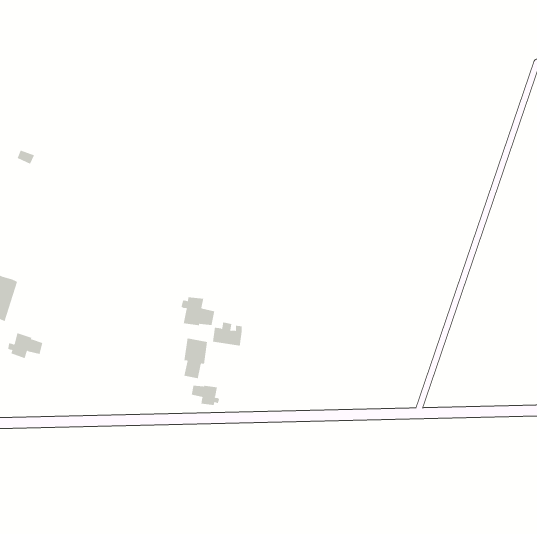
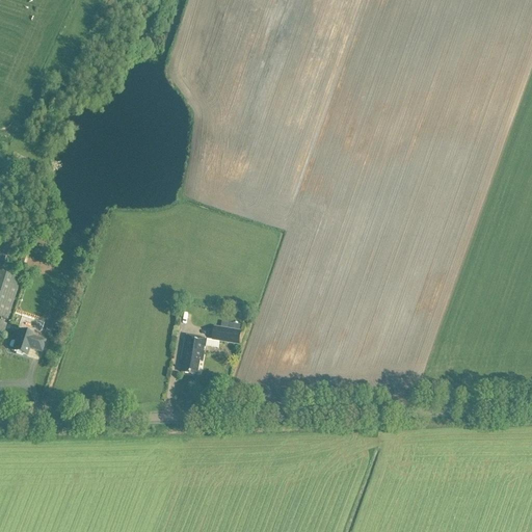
building: [181,296,215,326] -> none
building: [191,385,220,406] -> none

